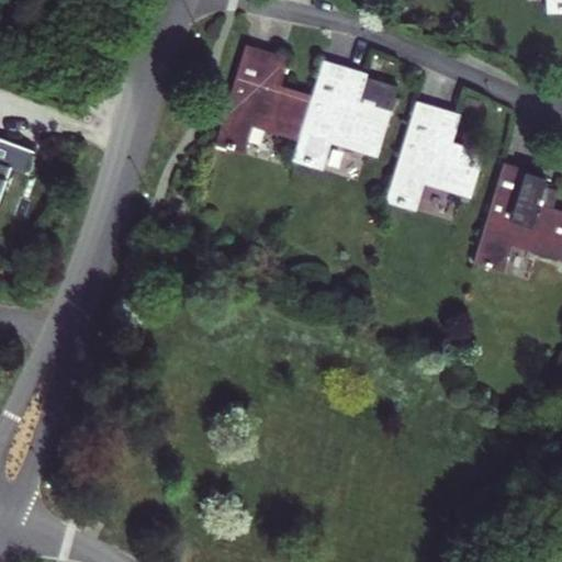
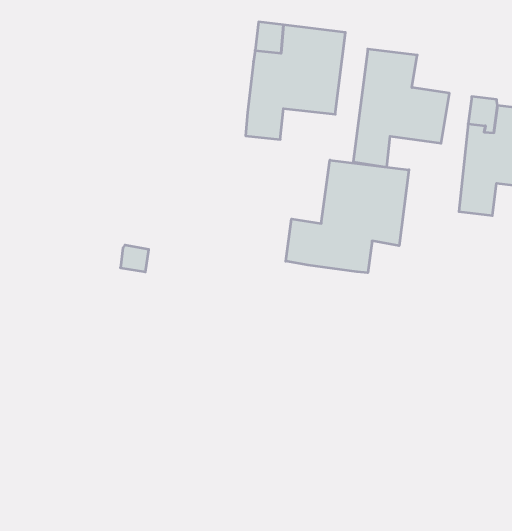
building: [214,45,311,156] -> none
building: none -> [286,160,409,273]

